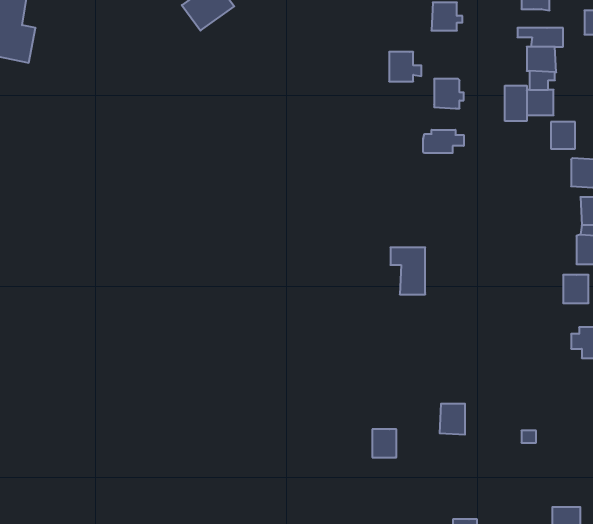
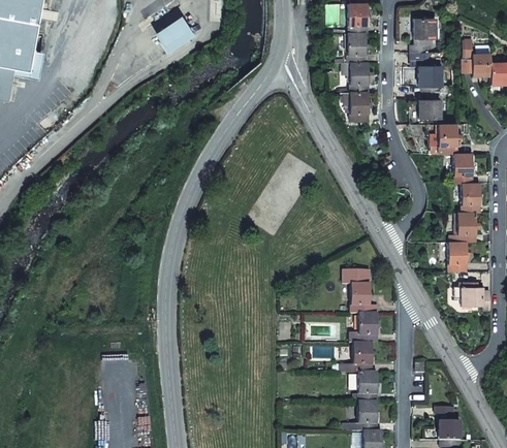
building: [389,52,421,81] -> [349,62,374,85]
building: [505,86,527,121] -> none
building: [423,130,464,153] -> none
building: [390,247,425,294] -> [343,269,370,306]
building: none -> [350,313,377,342]
building: [372,429,396,457] -> [358,372,377,393]
building: none -> [357,401,377,423]

